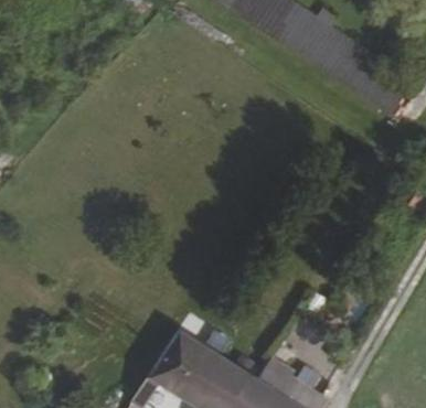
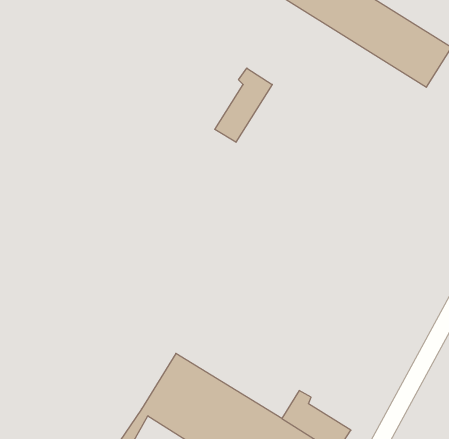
building: none -> [215,68,272,142]

